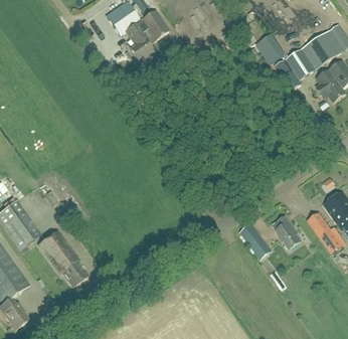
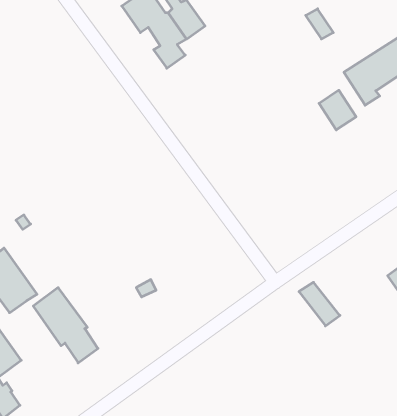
building: [256,33,285,63] -> [319,90,356,130]
building: [276,214,301,247] -> none

